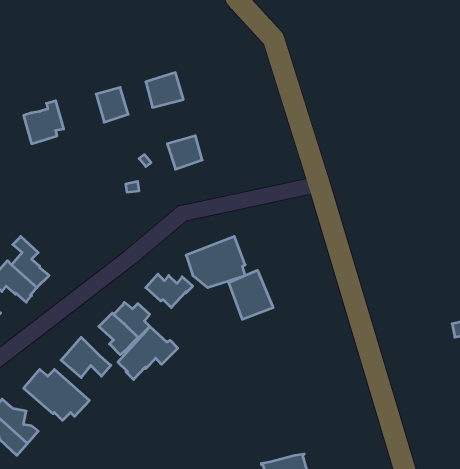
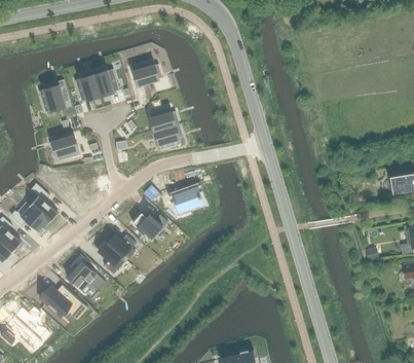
building: none -> [74,74,100,101]
building: none -> [154,124,181,150]
building: none -> [50,136,79,161]
building: [229,270,273,319] -> none
building: [118,326,178,380] -> none

